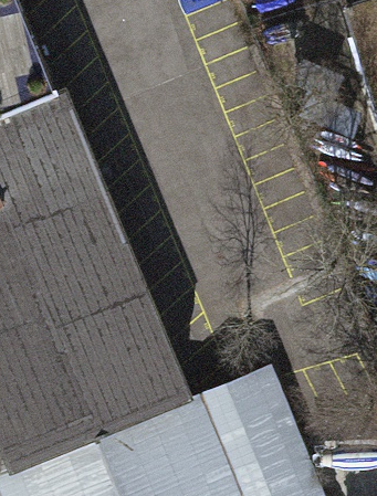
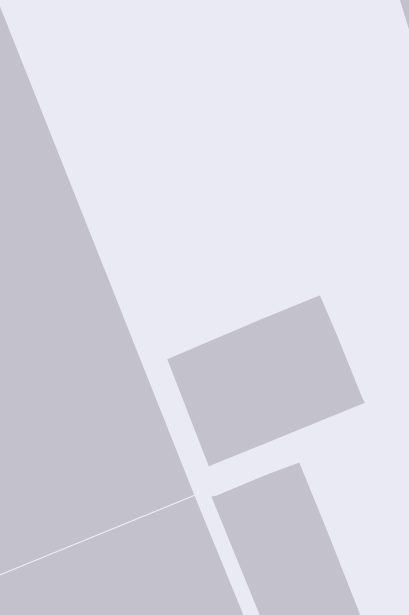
building: none -> [166,294,366,467]

